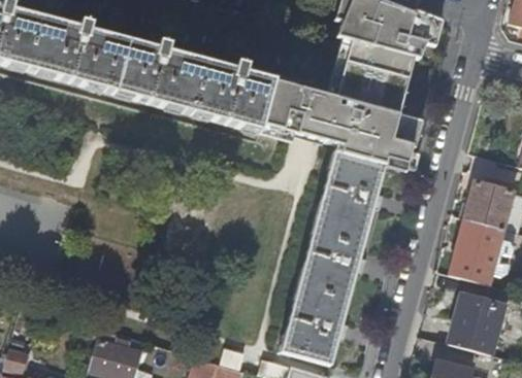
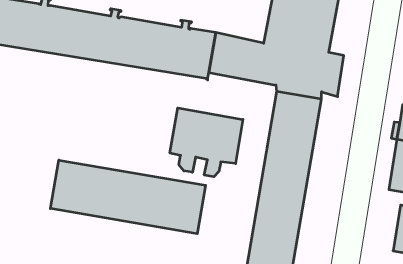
building: none -> [170,108,243,177]
building: none -> [50,160,206,234]

